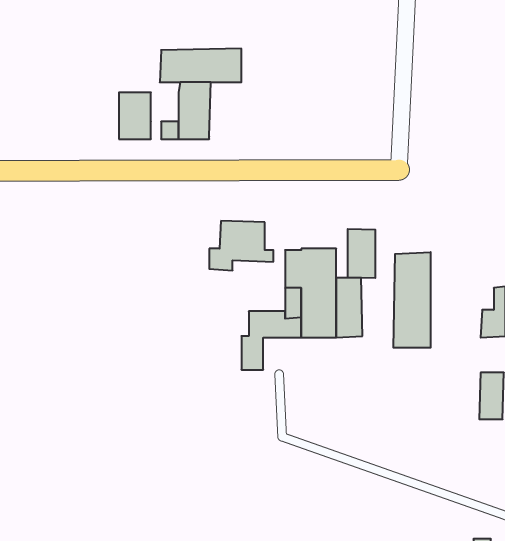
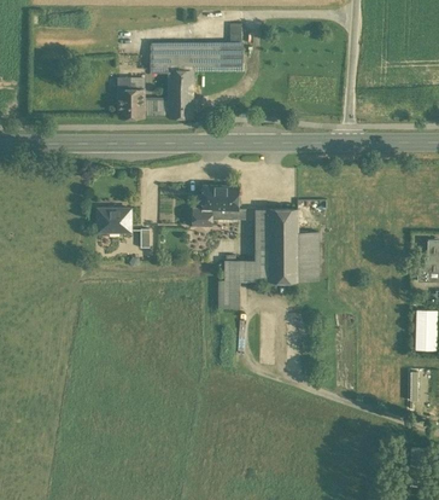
building: none -> [218,27,240,70]
building: [348,229,375,278] -> none
building: none -> [96,208,130,231]
building: [393,252,431,348] -> none

